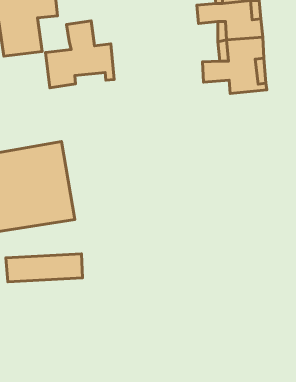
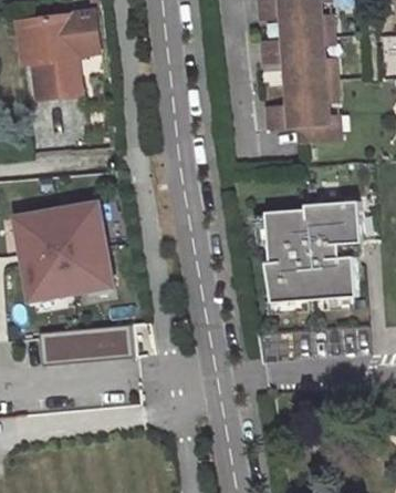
building: [45,21,114,88] -> none
building: none -> [265,201,362,302]

